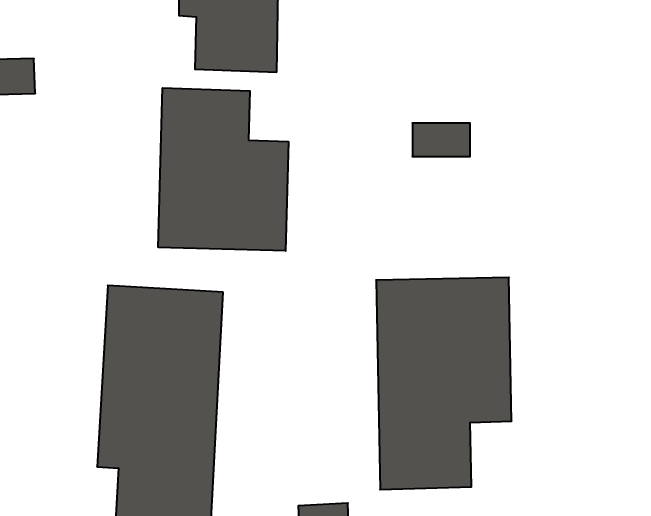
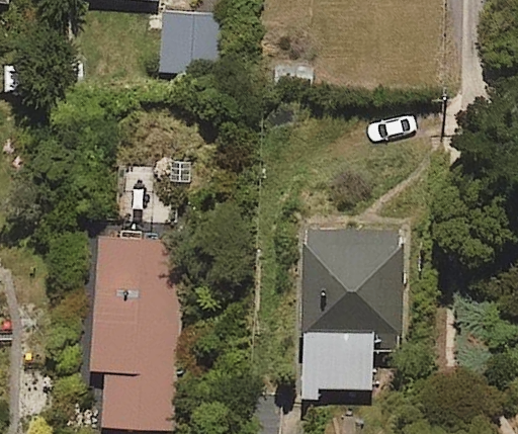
building: [158,88,288,251] -> none

